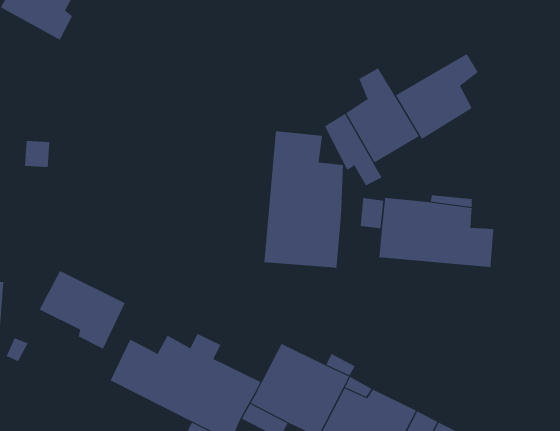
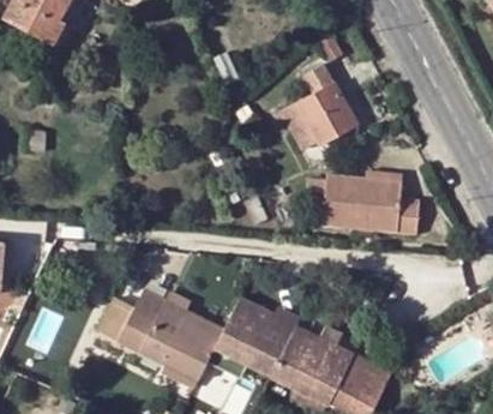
building: [395,53,479,140] -> none
building: [264,130,344,269] -> none
building: [39,270,125,349] -> none

